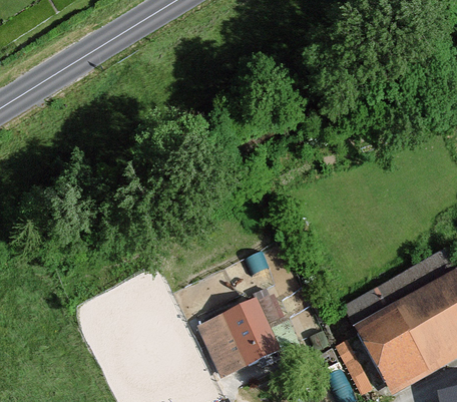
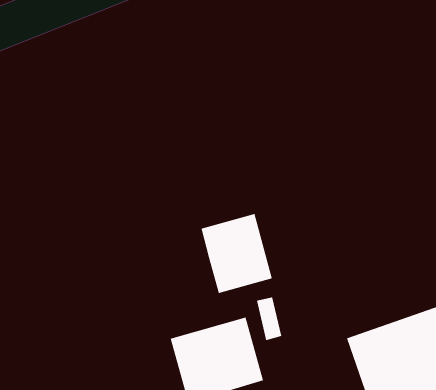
building: none -> [201,213,273,294]

